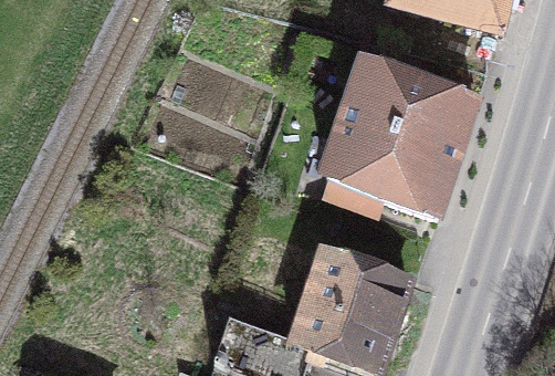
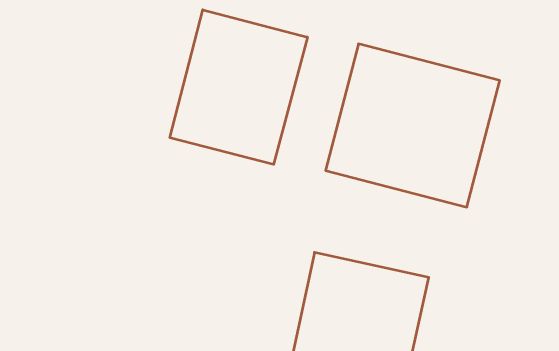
building: none -> [170,10,307,164]

